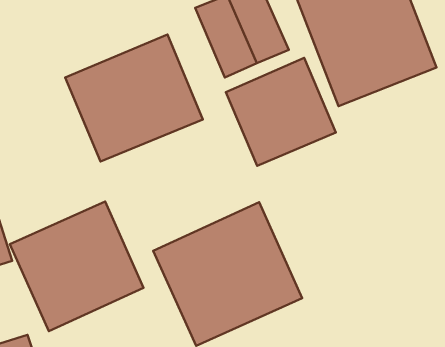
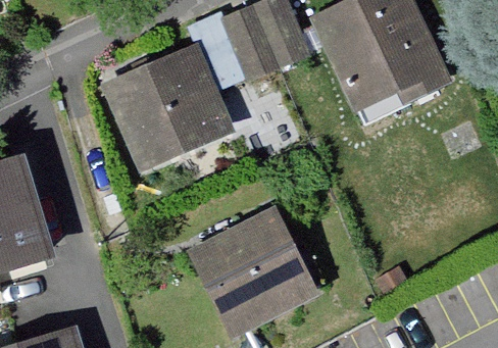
building: [226,58,336,166] -> none
building: [10,202,143,331] -> none

